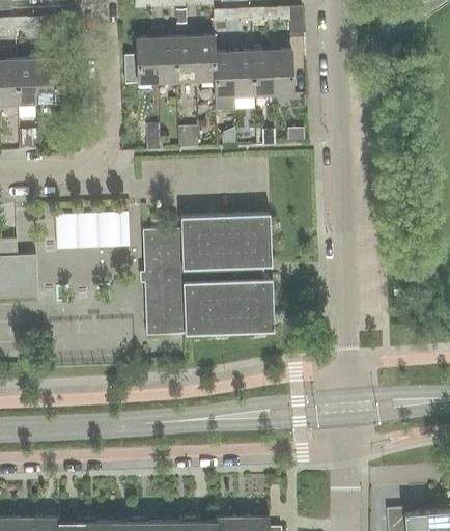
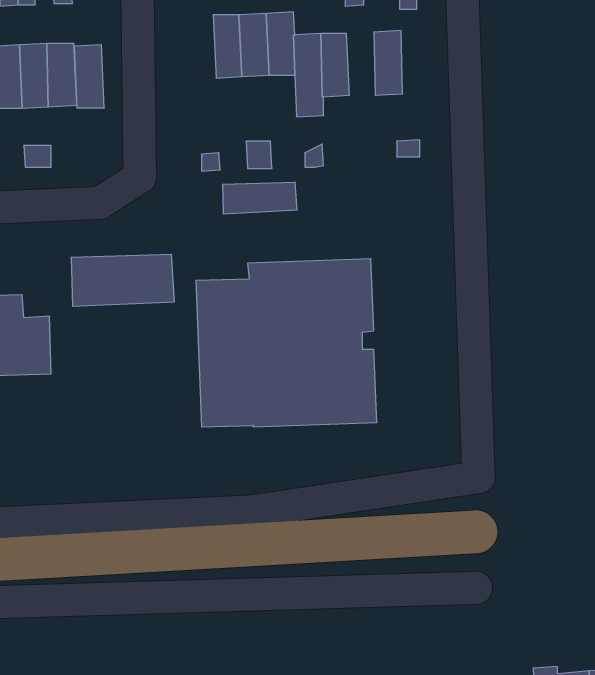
building: [136,38,158,84] -> [74,45,104,108]
building: [252,51,273,96] -> none
building: none -> [223,182,297,214]

